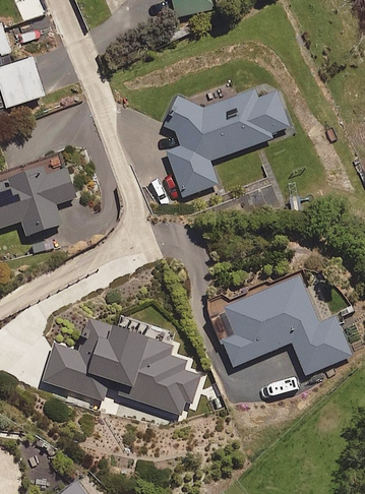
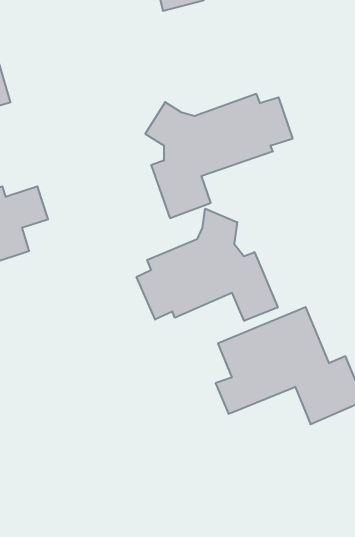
building: none -> [137,209,278,321]
building: [42,319,200,417] -> none

